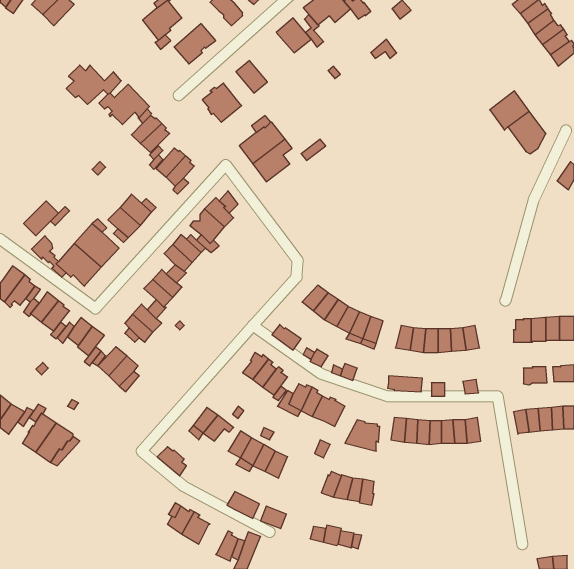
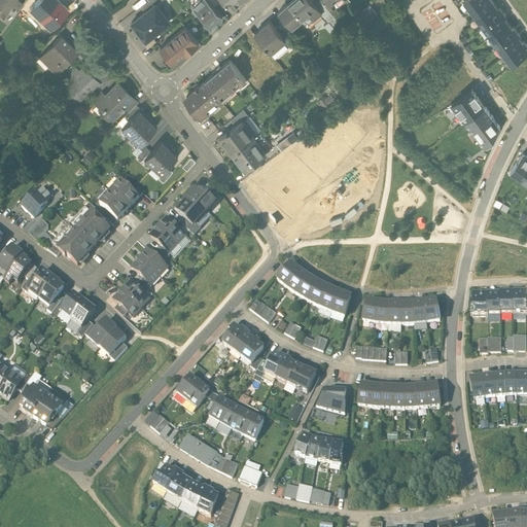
building: none -> [38,31,90,69]
building: none -> [204,66,233,96]
building: none -> [180,433,215,463]
building: none -> [182,481,209,507]

